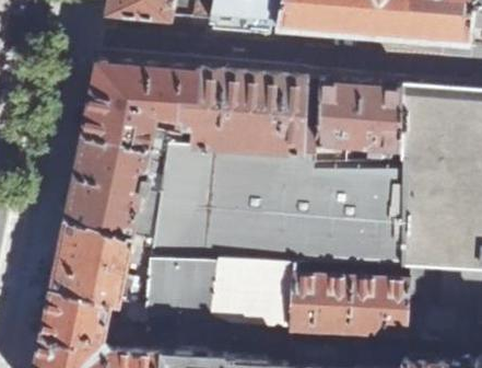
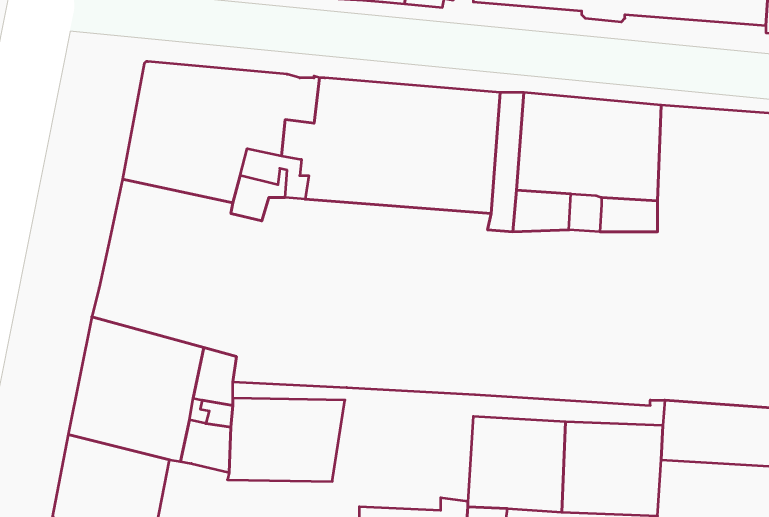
building: [211,255,297,324] -> none

